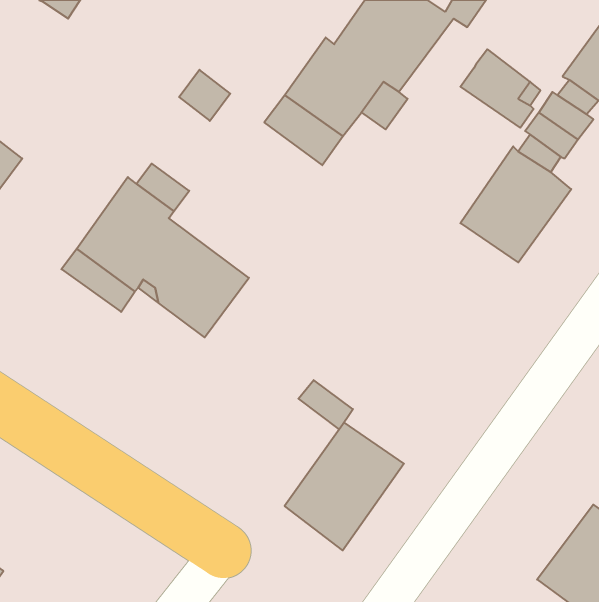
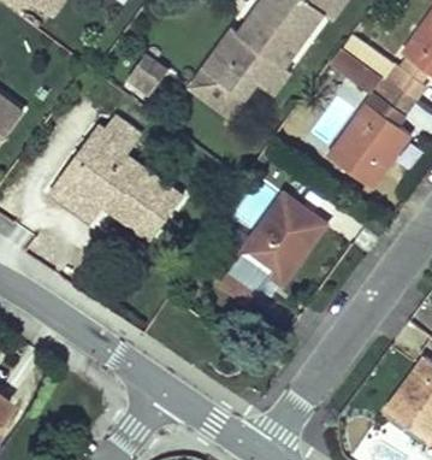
building: [285,423,404,550] -> [238,194,322,284]

